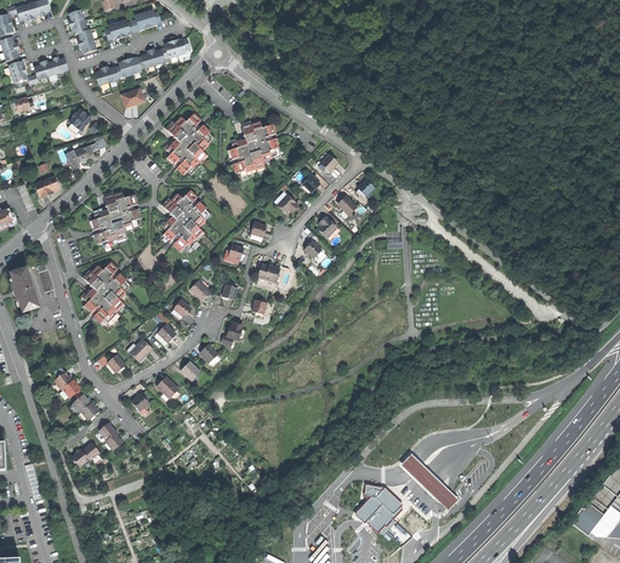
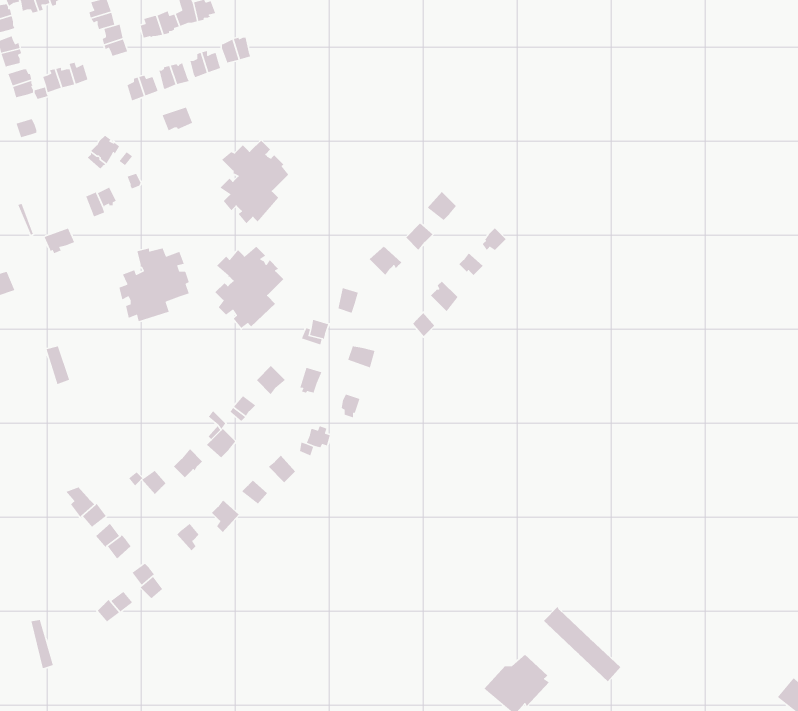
building: [226,120,279,176] -> none
building: [80,262,131,323] -> none
building: [10,268,38,312] -> none

